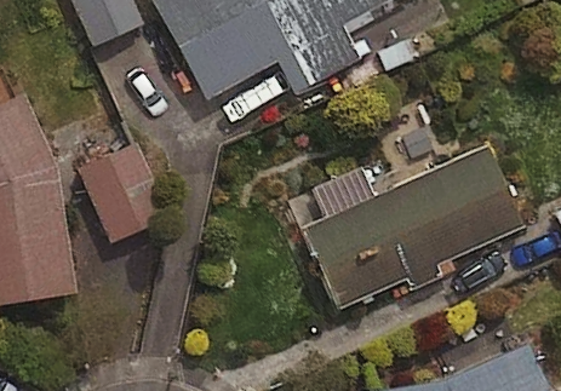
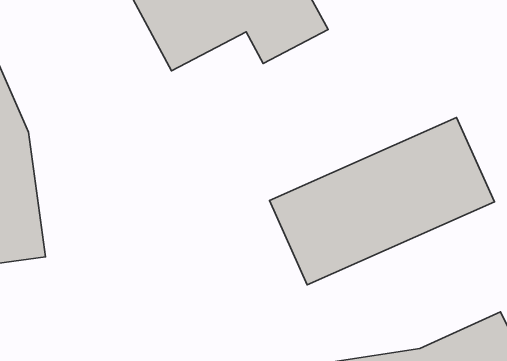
building: [78,140,158,238] -> none

